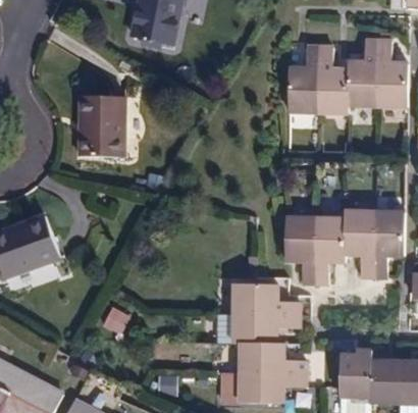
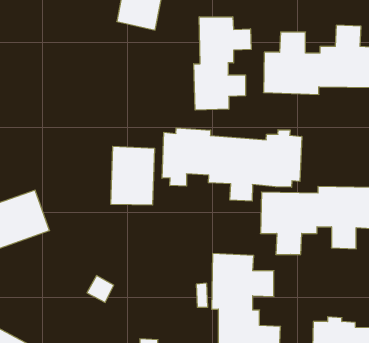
building: none -> [194,17,251,110]
building: [77,95,124,157] -> [111,146,155,205]
building: none -> [162,128,302,201]

